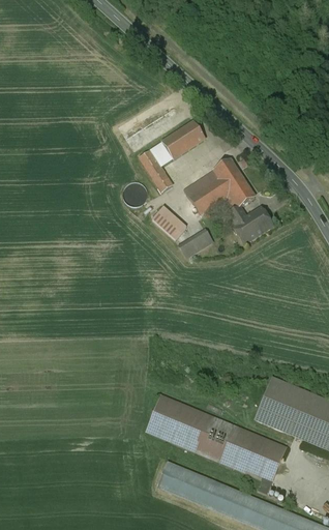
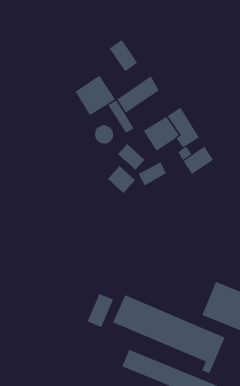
building: none -> [109,39,138,72]
building: none -> [75,75,116,116]
building: none -> [107,165,136,194]
building: none -> [87,293,114,328]

